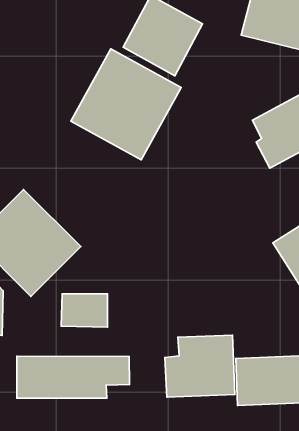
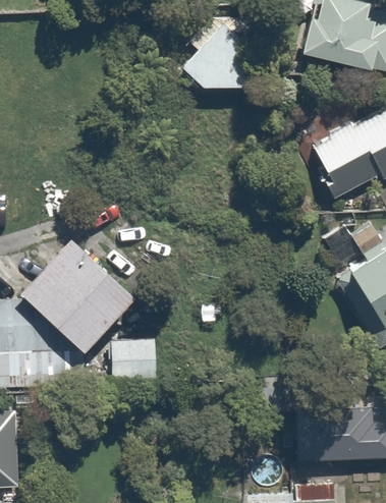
building: [71,49,181,160] -> none
building: [165,335,235,397] -> none
building: [17,356,130,398] -> none

